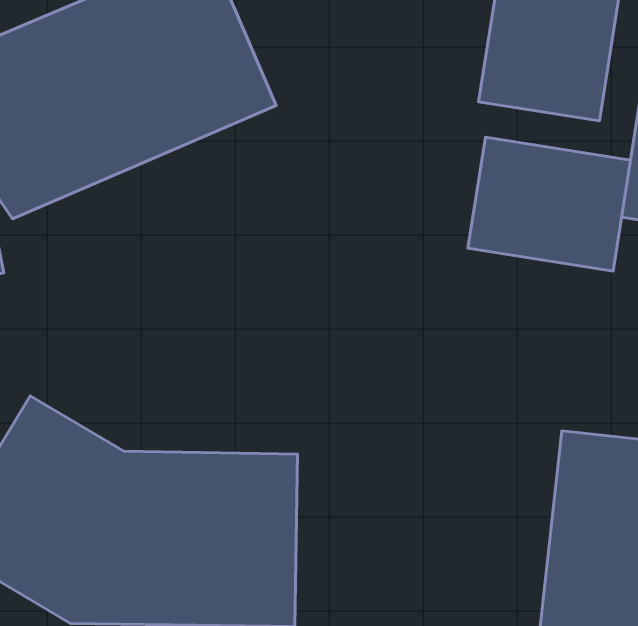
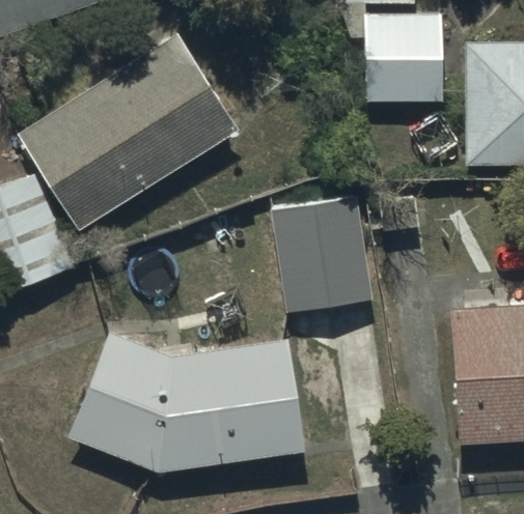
building: [468,137,631,271] -> none
building: none -> [275,226,368,313]

